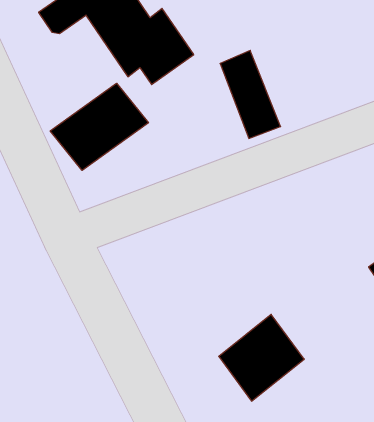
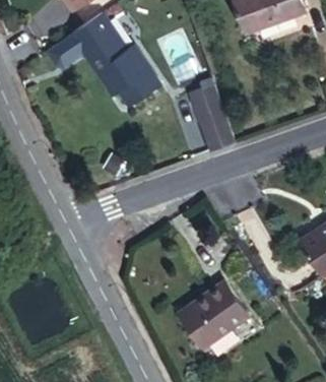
building: [50,83,148,170] -> none

